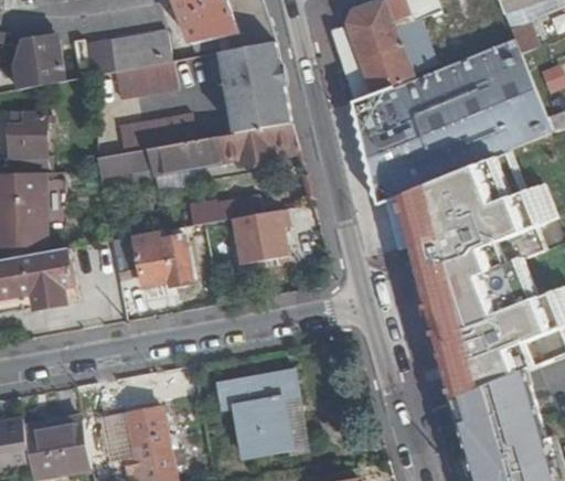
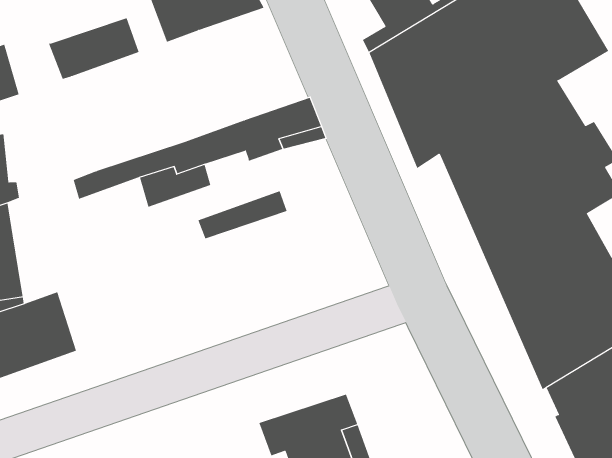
building: [216,46,298,135] -> none
building: [107,66,171,100] -> none
building: [111,116,190,157] -> none
building: [233,211,287,266] -> none
building: [109,233,191,289] -> none

